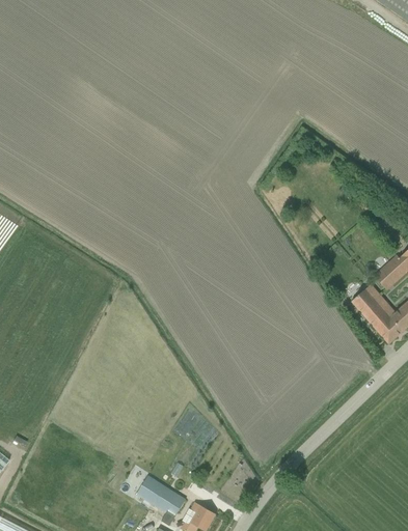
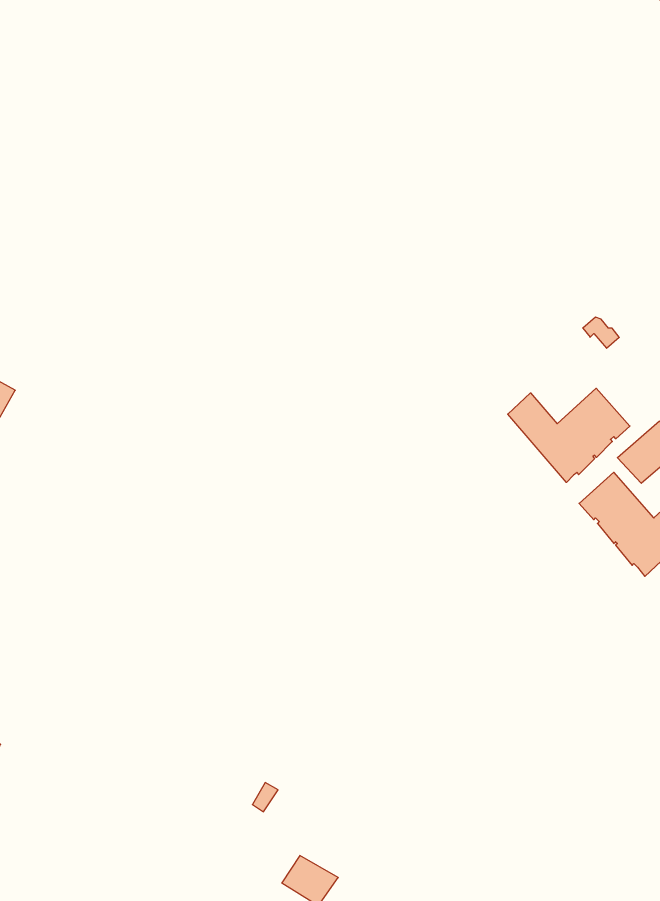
building: none -> [508,388,630,482]
building: [134,479,179,513] -> none

